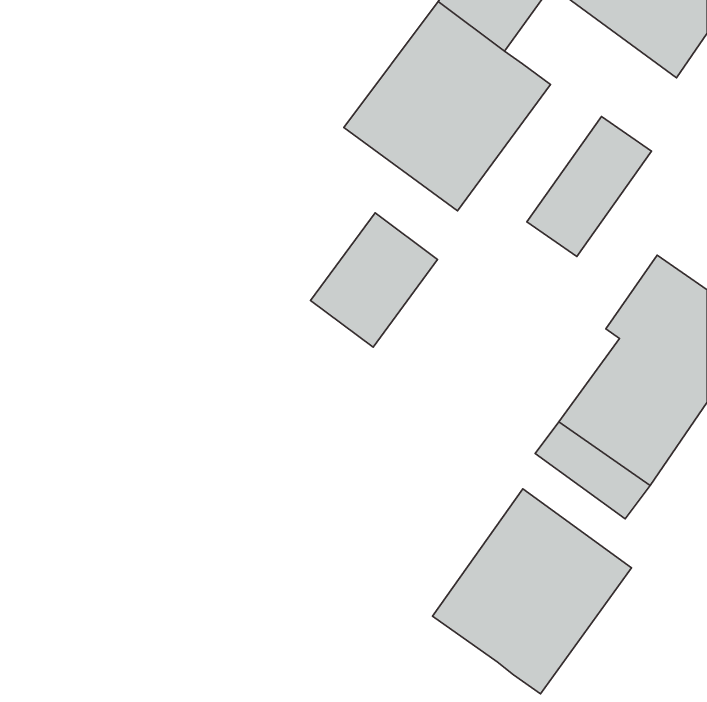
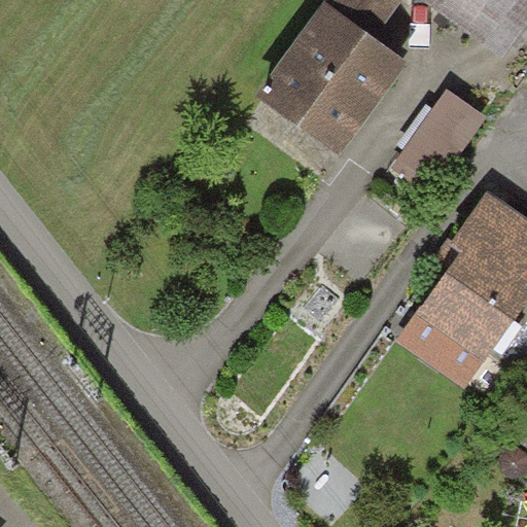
building: [311,213,438,347] -> none
building: [432,489,631,694] -> none

